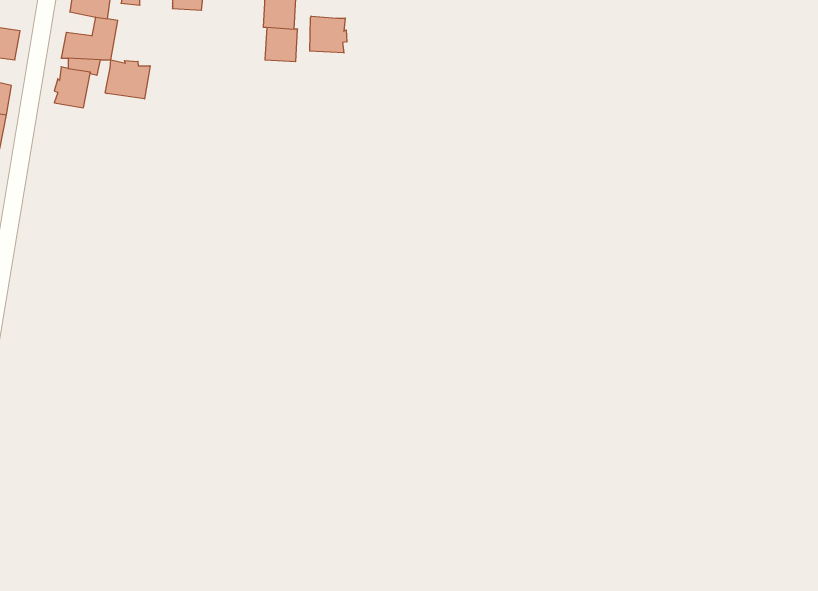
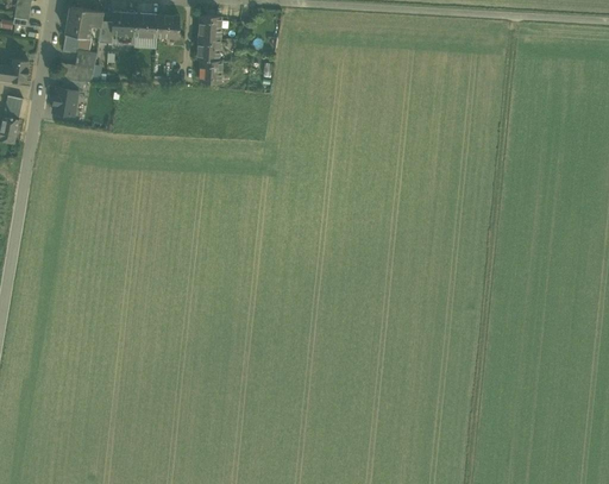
building: [310,16,347,53] -> none
building: [105,60,150,99] -> none

